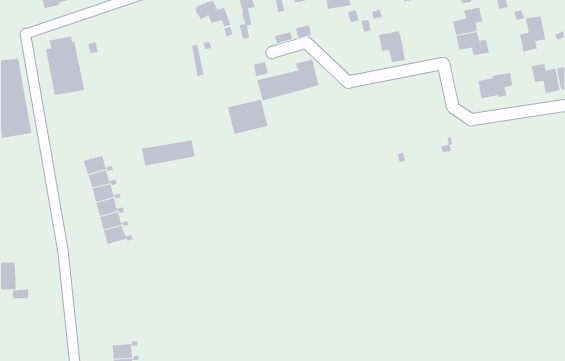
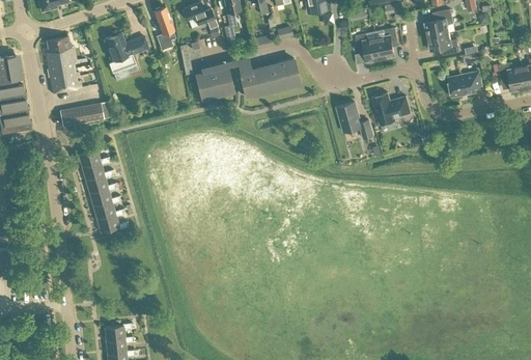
building: none -> [153,7,174,50]
building: [519,15,546,53] -> none
building: none -> [374,27,398,59]
building: none -> [103,32,147,74]
building: none -> [371,92,411,124]
building: [227,99,268,135] -> [195,66,233,100]
building: none -> [337,102,372,138]
building: [141,140,195,166] -> [58,103,109,128]

